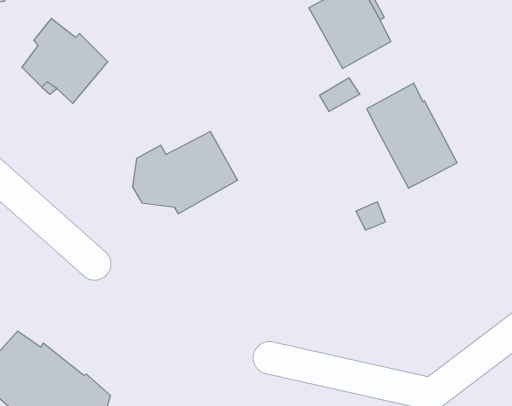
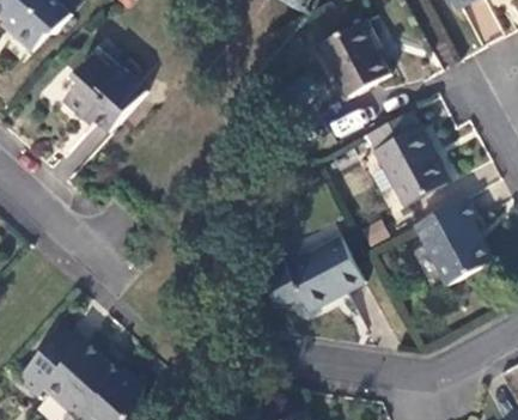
building: [132,132,238,214] -> [269,237,362,310]
building: none -> [414,199,490,285]

